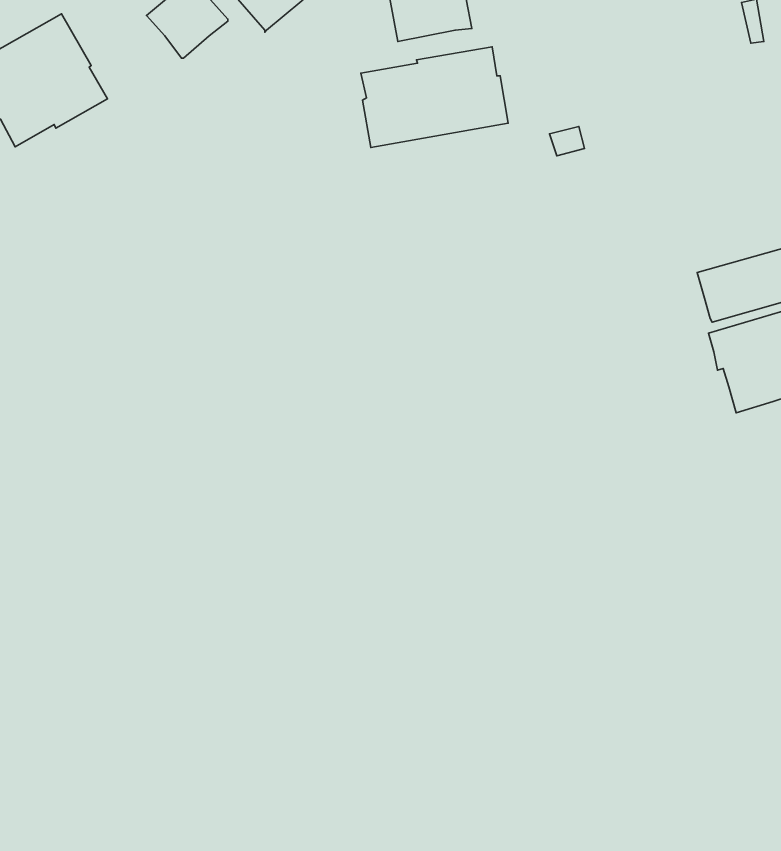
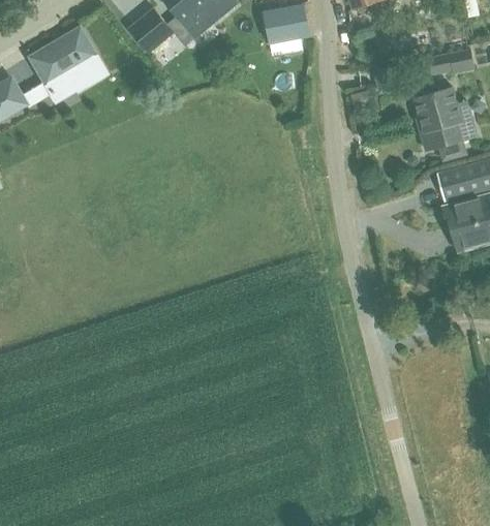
building: [361,47,508,148] -> none
building: none -> [423,49,473,75]
building: none -> [415,85,477,160]

